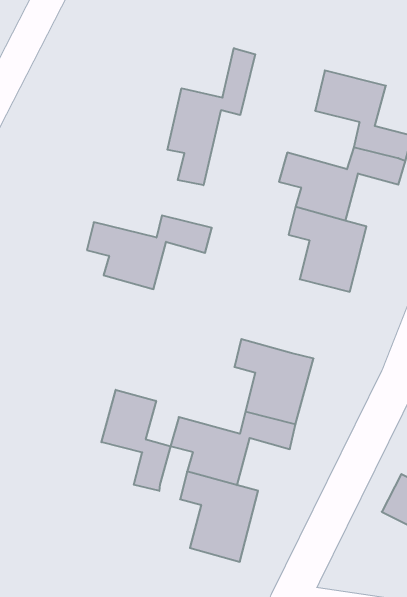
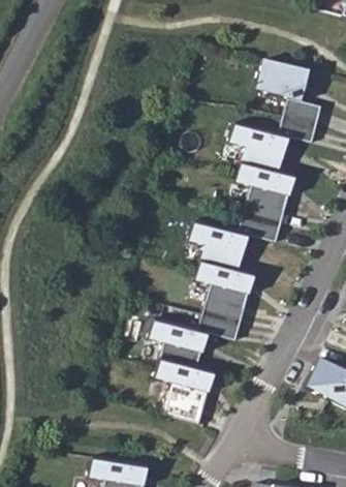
building: [167,48,255,185] -> none
building: [87,215,212,289] -> [189,214,282,269]
building: [101,390,170,491] -> none

